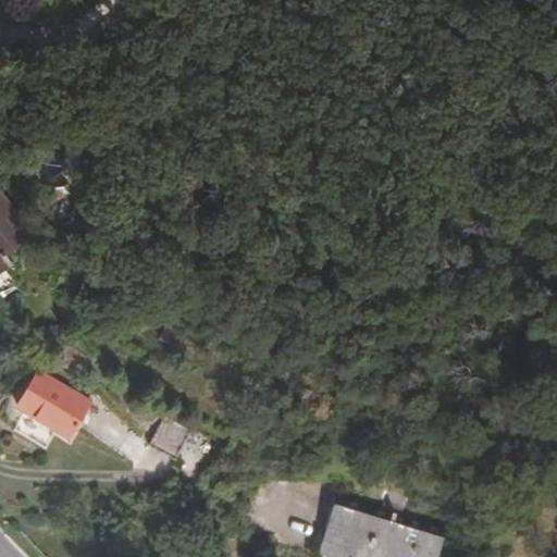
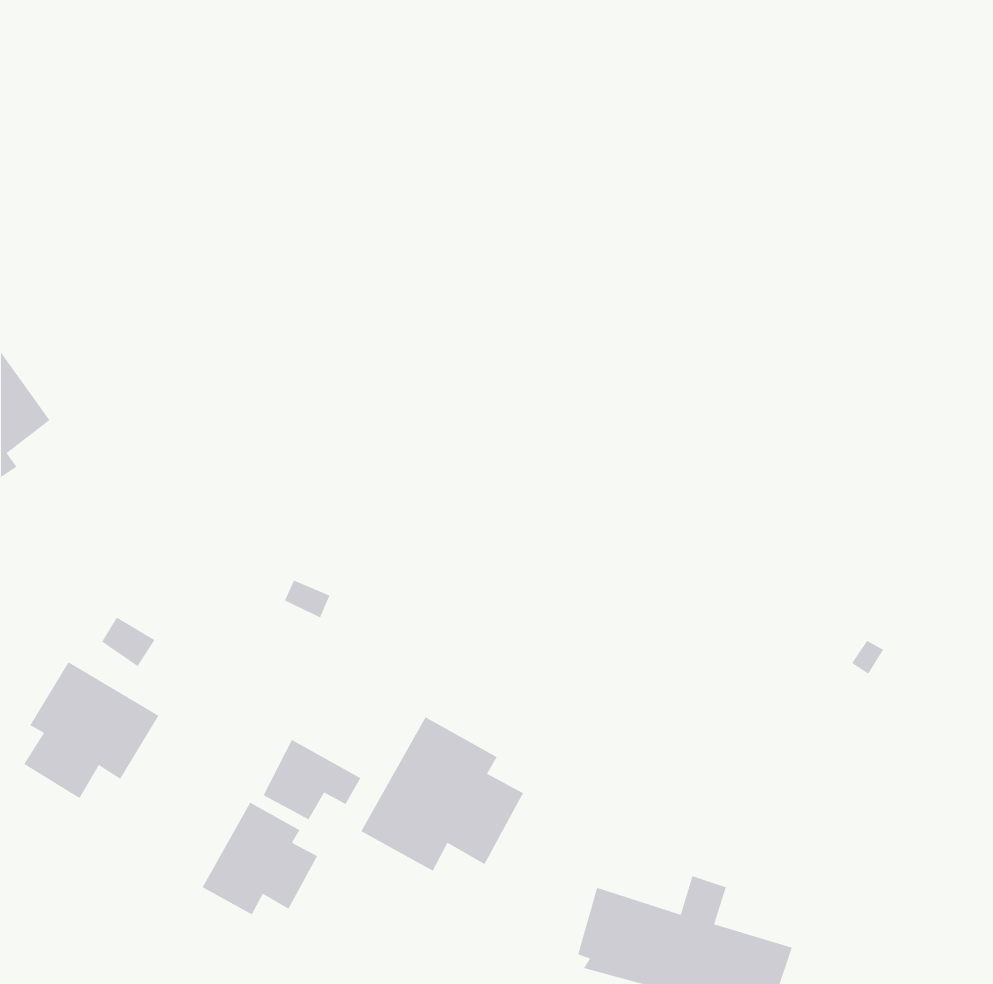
building: none -> [360,716,524,872]
building: none -> [201,802,318,916]

